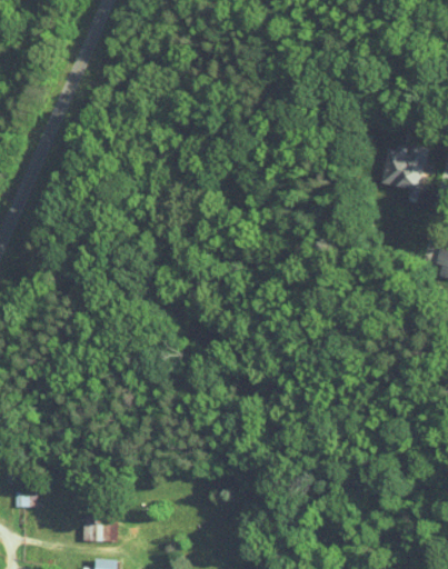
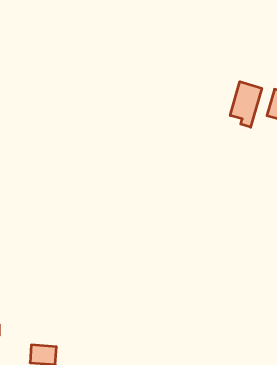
building: none -> [230,82,262,127]

